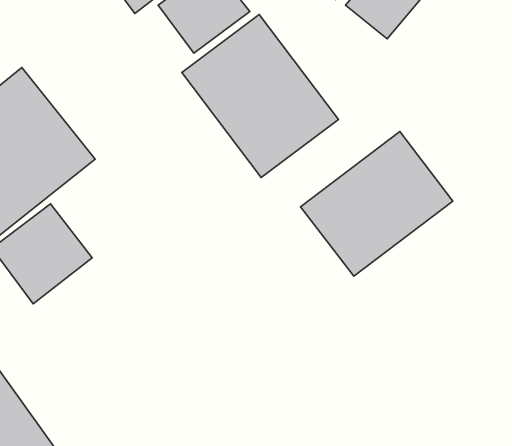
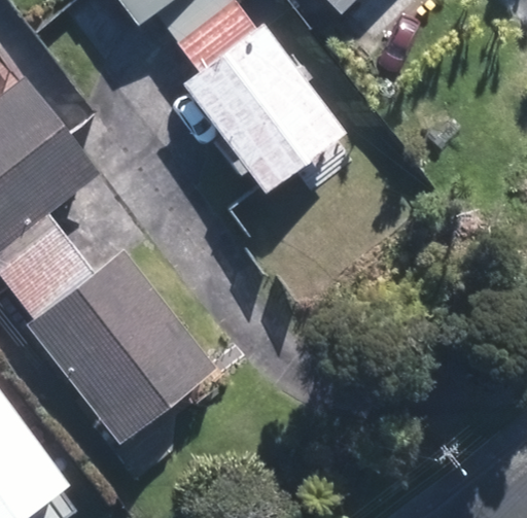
building: [301,132,453,276] -> none
building: none -> [32,253,216,441]

